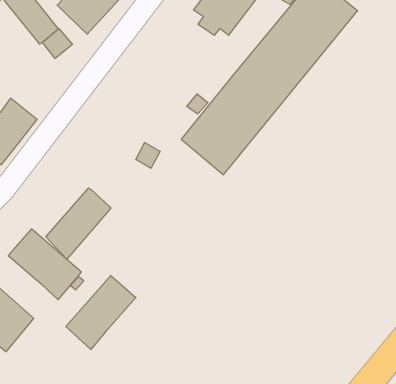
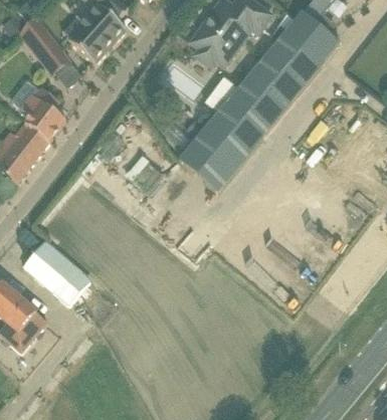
building: none -> [21,86,66,141]
building: [46,188,111,259] -> none
building: [66,276,136,349] -> none

